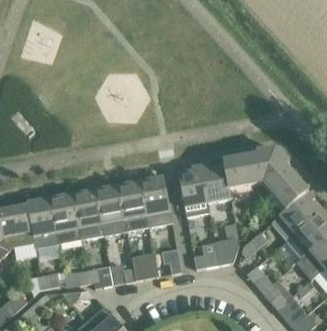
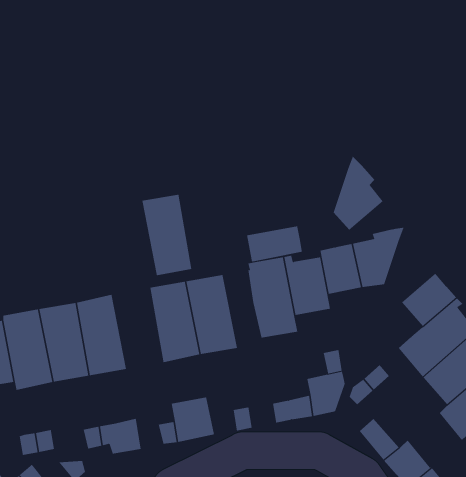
building: none -> [235,226,303,266]
building: [263,147,295,194] -> [333,155,383,231]
building: [95,185,126,235] -> [141,194,192,276]

